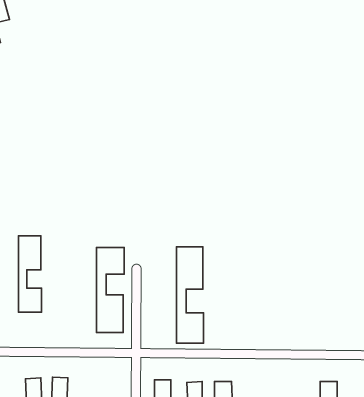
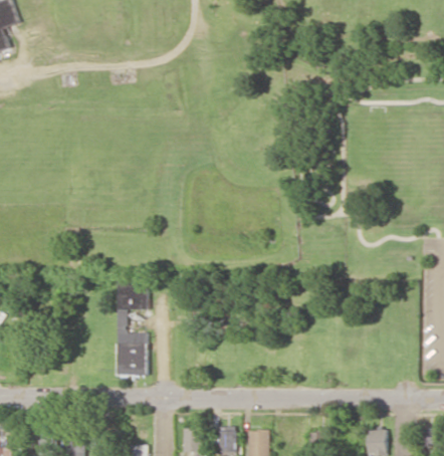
building: [19,236,42,312] -> none
building: [177,247,204,343] -> none

